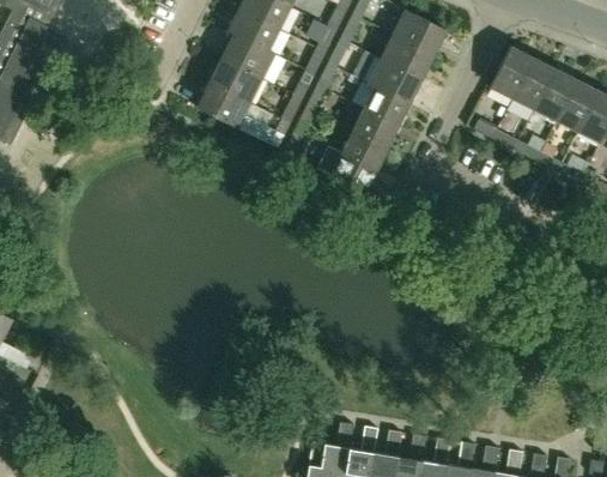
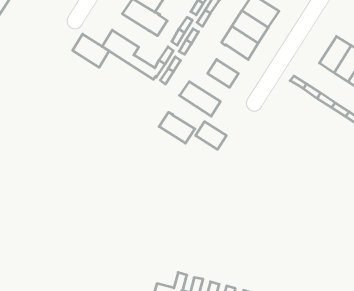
building: [490,47,533,98] -> none
building: [210,58,262,103] -> [73,34,109,67]
building: [364,86,409,126] -> none
building: [342,131,387,169] -> [196,122,226,149]
building: none -> [159,112,195,143]

